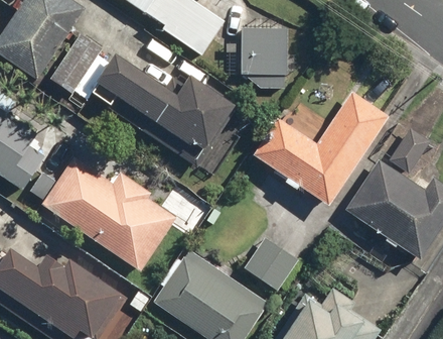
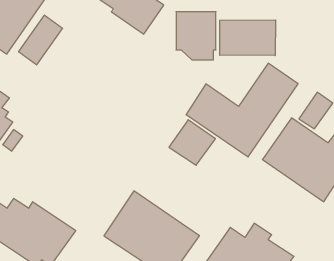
building: none -> [220,20,275,56]
building: [94,54,232,155] -> none
building: [40,157,177,271] -> none
building: [244,235,300,291] -> [169,120,215,165]

